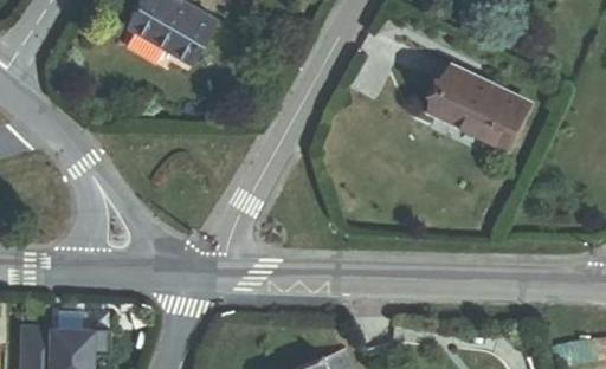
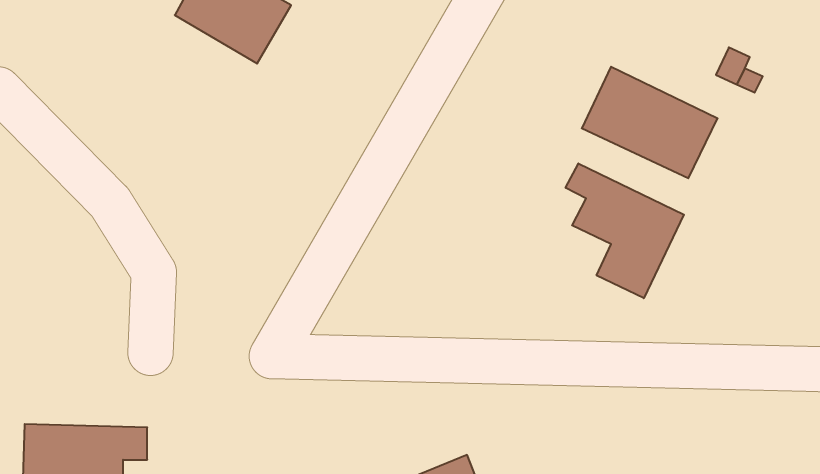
building: none -> [566,163,684,298]

